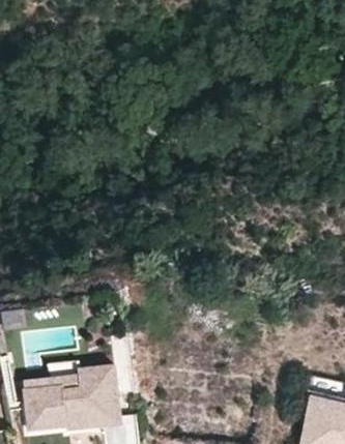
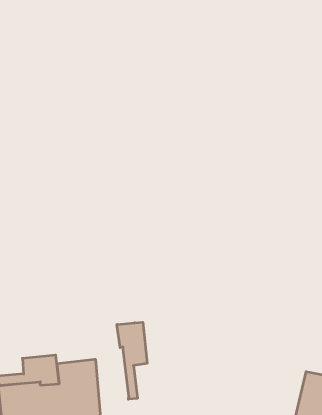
building: none -> [117,322,147,399]

